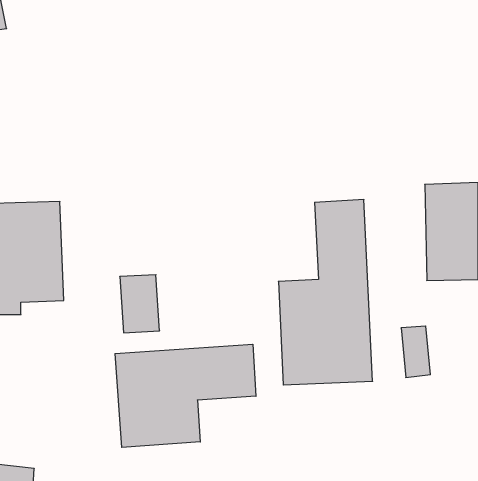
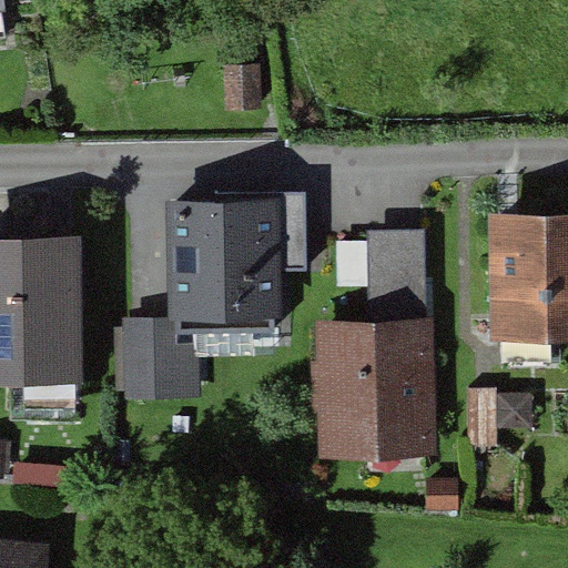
building: none -> [176,225,277,313]
building: [115,344,256,447] -> none

